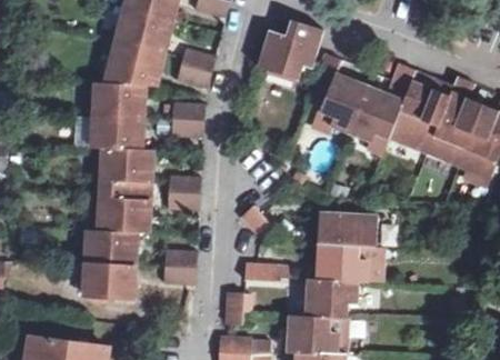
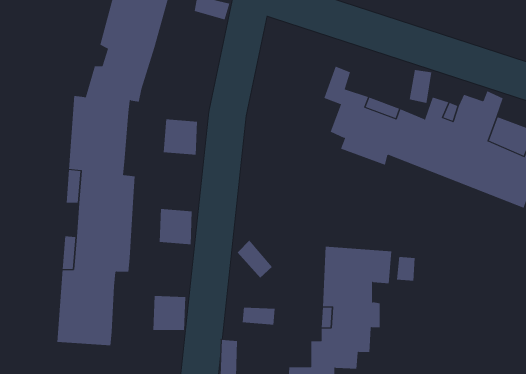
building: [259,24,320,80] -> none
building: [174,44,216,86] -> none

